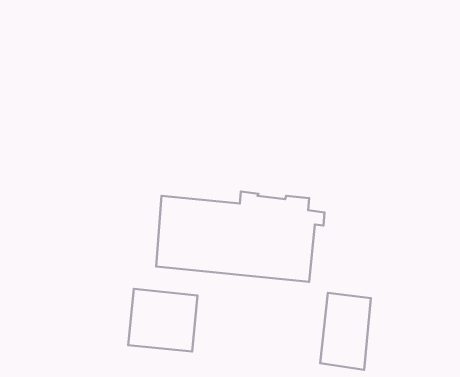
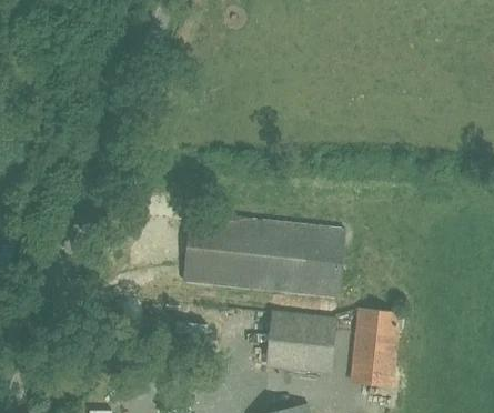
building: [128,289,198,352] -> [266,310,336,373]

